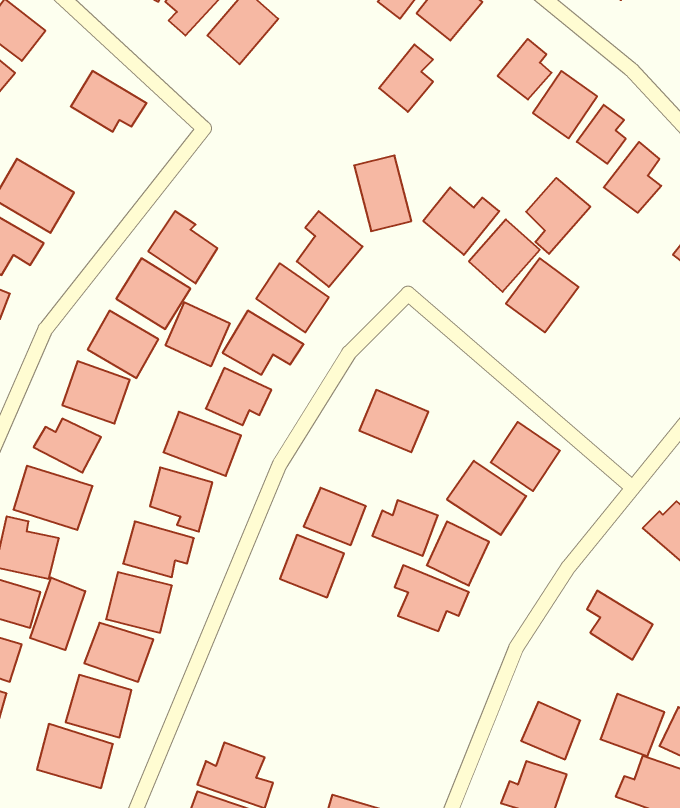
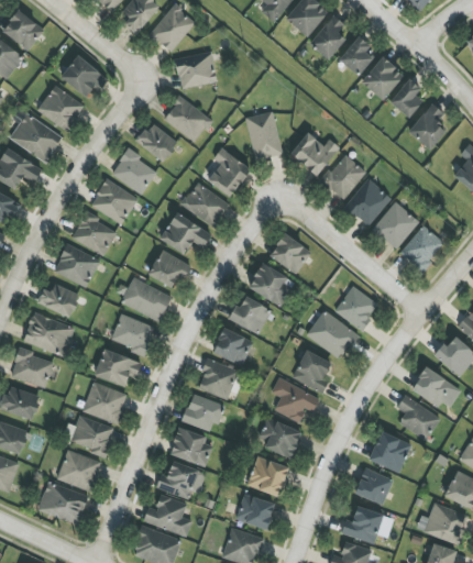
building: [379,44,433,112] -> [310,14,345,58]
building: none -> [175,51,217,88]
building: none -> [37,85,85,131]
building: none -> [164,96,211,142]
building: none -> [136,122,178,162]
building: [526,178,590,254] -> none
building: none -> [371,201,419,250]
building: [166,302,230,366] -> none
building: none -> [399,224,446,272]
building: none -> [270,233,311,273]
building: [372,500,438,556] -> [228,297,271,333]
building: none -> [411,366,453,407]
building: [30,577,85,650] -> none
building: none -> [183,394,223,430]
building: none -> [256,417,302,457]
building: none -> [169,427,213,466]
building: none -> [248,456,287,495]
building: none -> [155,460,206,499]
building: [600,694,664,756] -> [370,431,411,472]
building: none -> [235,494,275,529]

